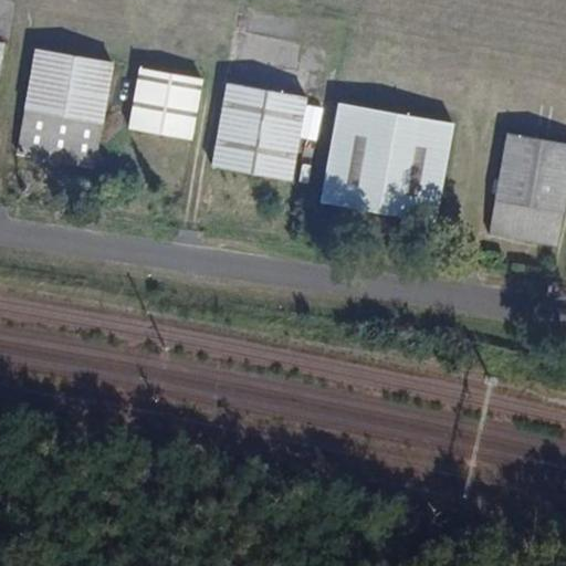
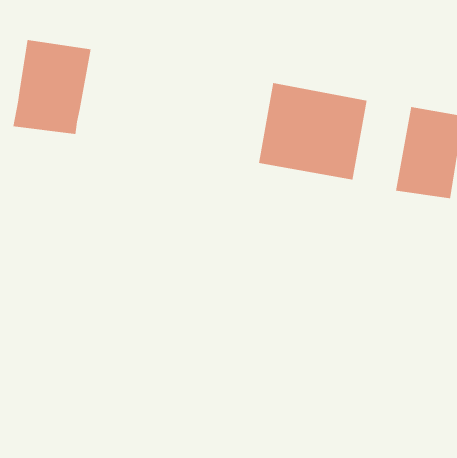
building: [127,69,202,139] -> none
building: [211,83,307,181] -> none

